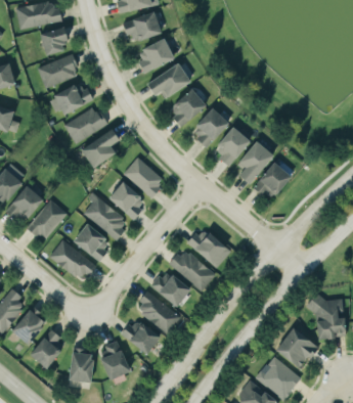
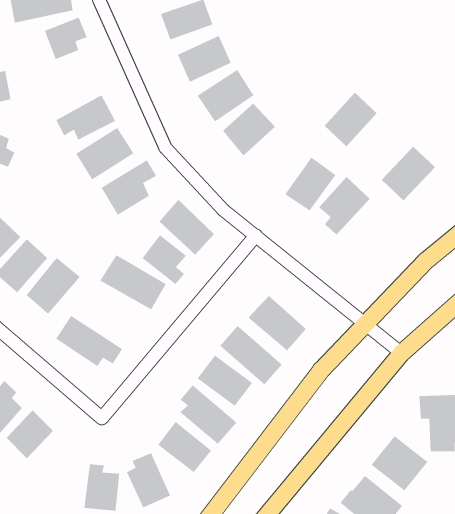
building: [36,53,79,88] -> none
building: [191,107,230,147] -> [324,92,378,147]
building: [254,162,294,201] -> [381,146,436,201]
building: [74,224,111,260] -> none
building: [30,327,63,368] -> none

